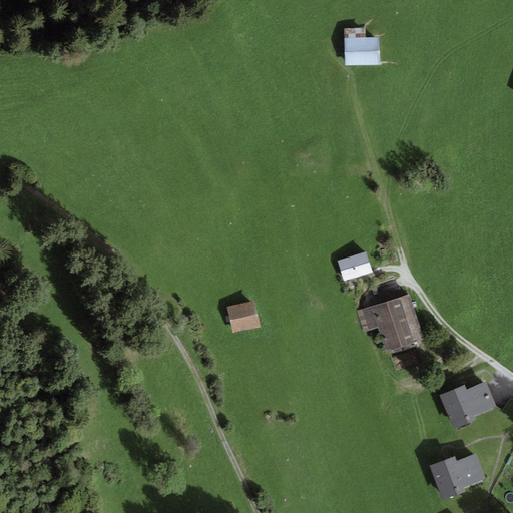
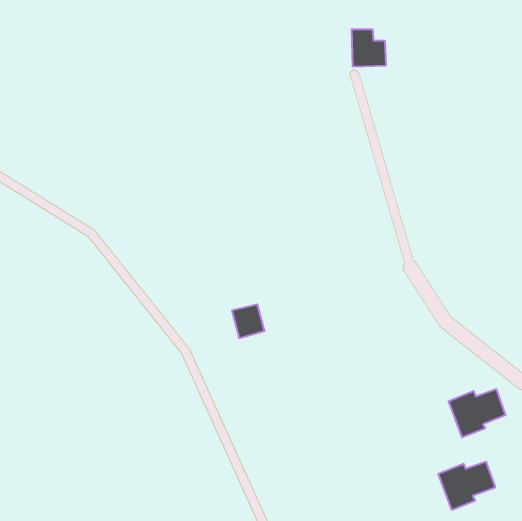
building: [338,250,373,280] -> none
building: [357,294,424,351] -> none

